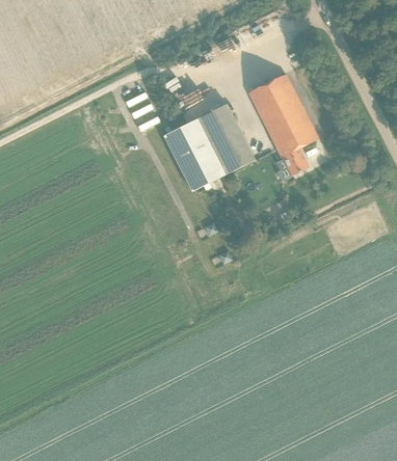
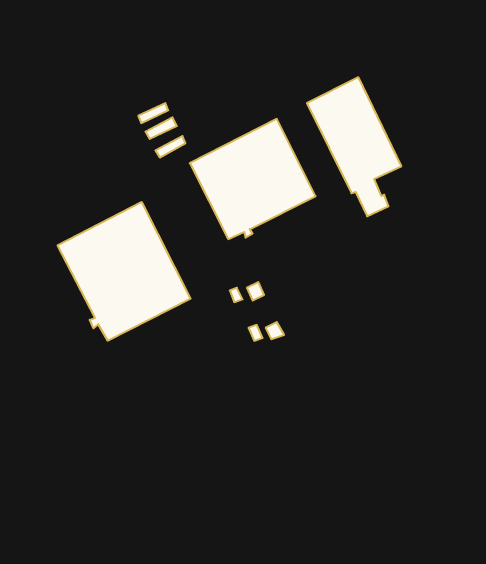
building: none -> [58,202,191,341]

